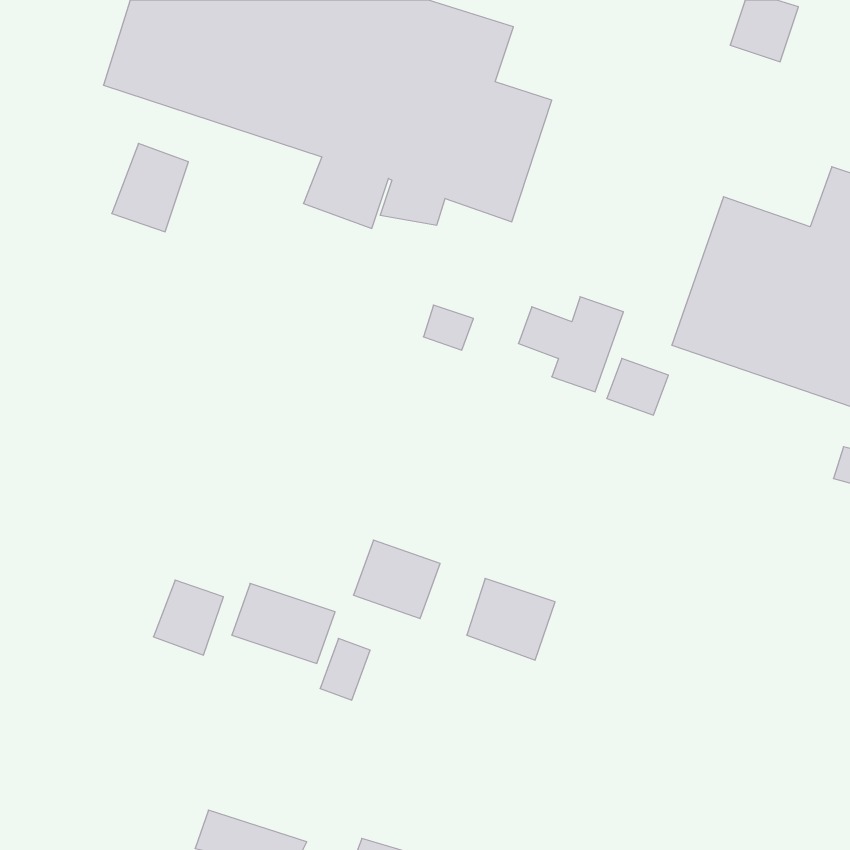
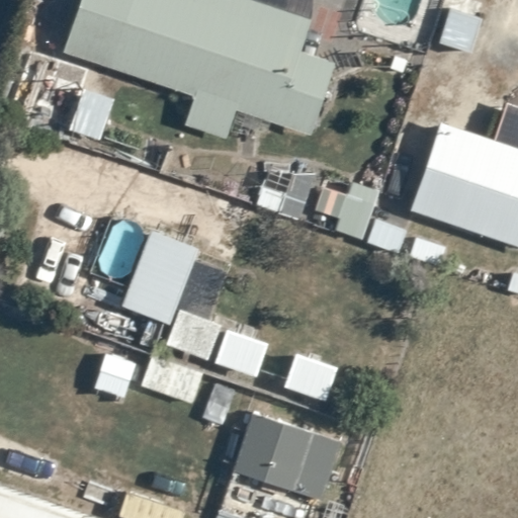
building: none -> [121,230,227,359]
building: none -> [235,414,340,500]

